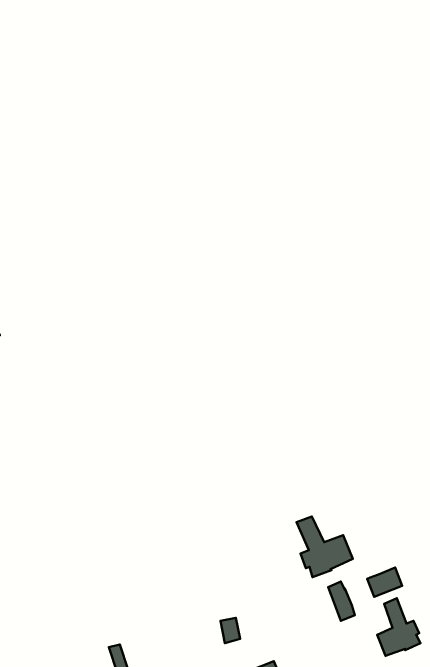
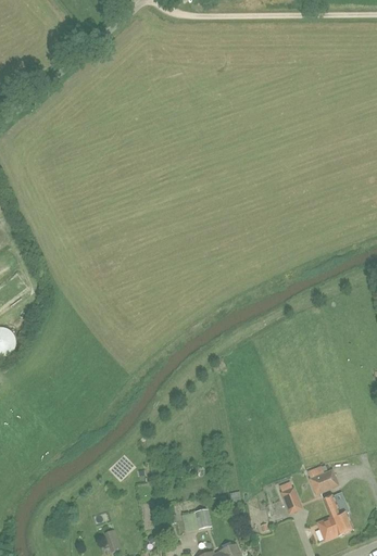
building: [297,516,353,577] -> none

